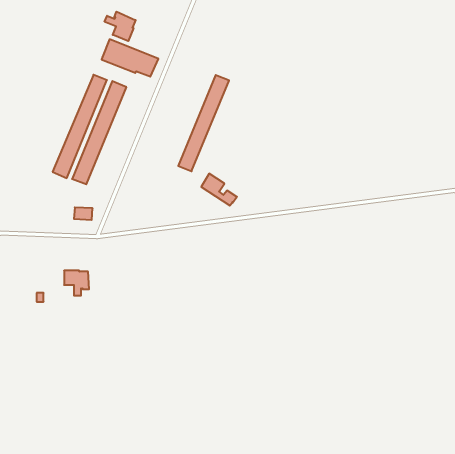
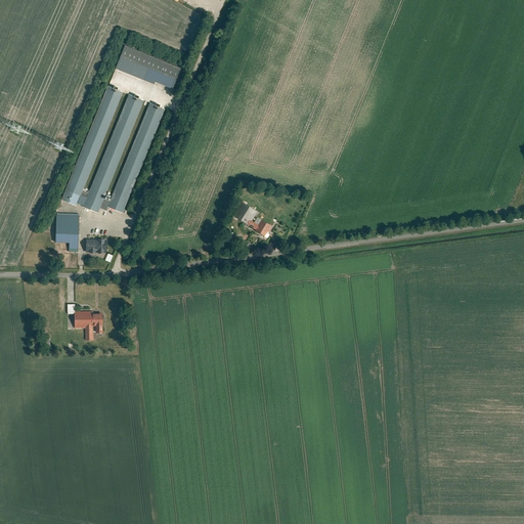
building: [105,12,136,41] -> none
building: [178,75,229,171] -> [106,102,165,213]
building: none -> [56,215,80,243]

